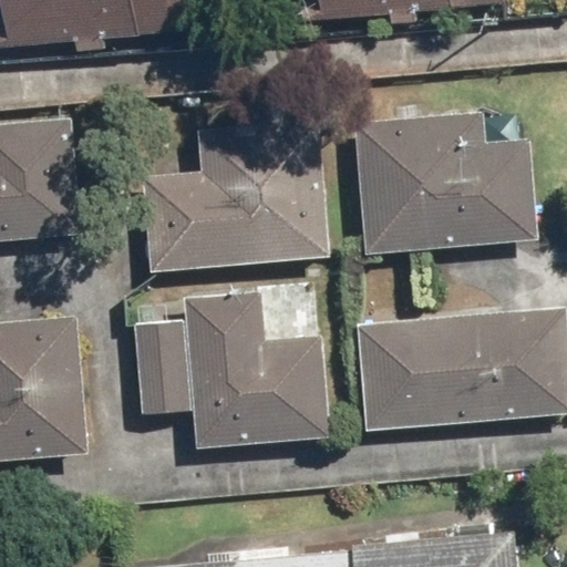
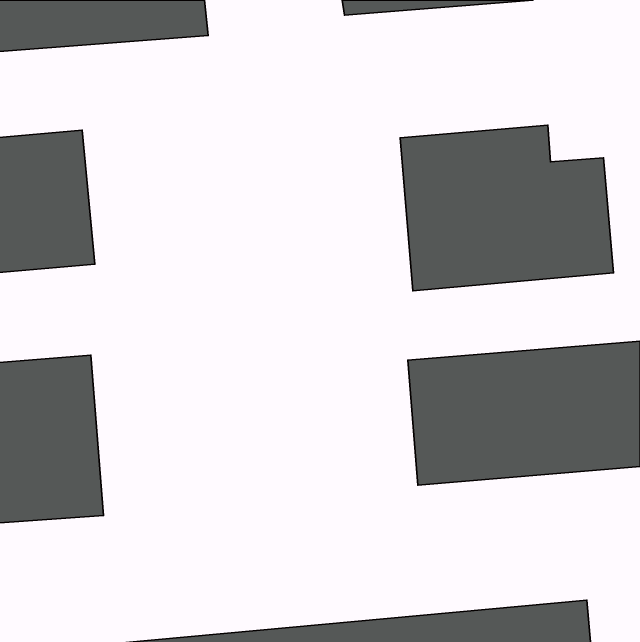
building: [138,121,330,274] -> none
building: [133,288,329,449] -> none

